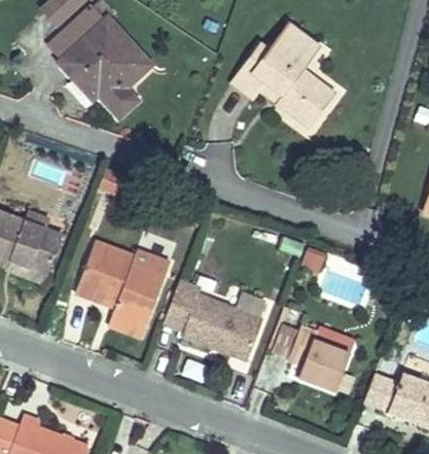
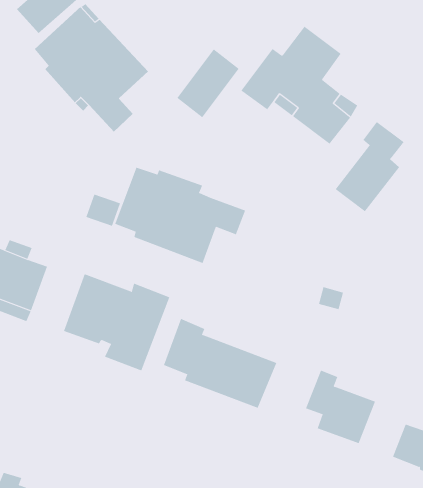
building: none -> [177,49,240,118]
building: none -> [335,121,404,212]
building: none -> [114,167,246,264]

